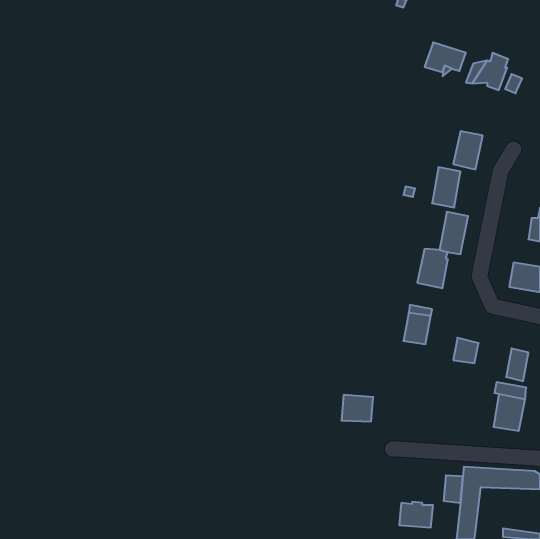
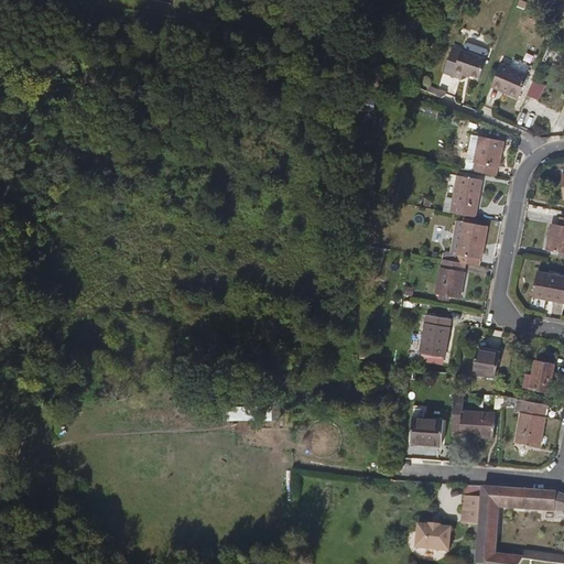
building: none -> [451,408,496,438]
building: [341,395,373,421] -> [410,415,443,443]

